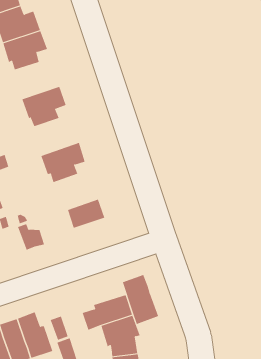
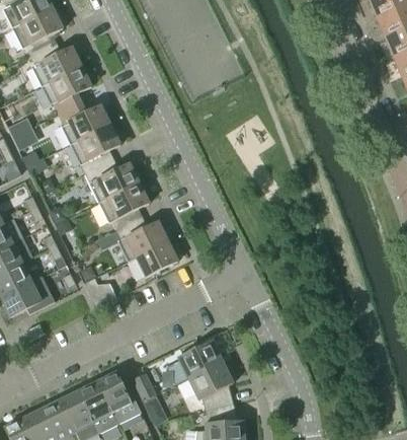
building: none -> [59,101,110,144]
building: none -> [88,159,140,203]
building: none -> [116,217,168,262]
building: [122,274,159,325] -> none

